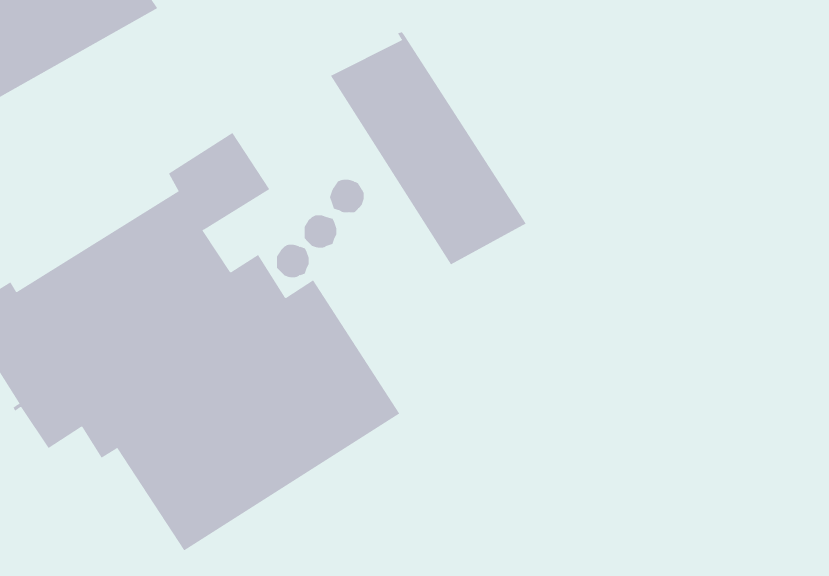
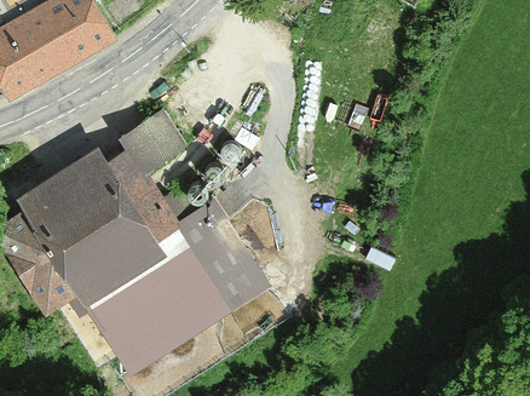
building: [330,32,527,265] -> none

